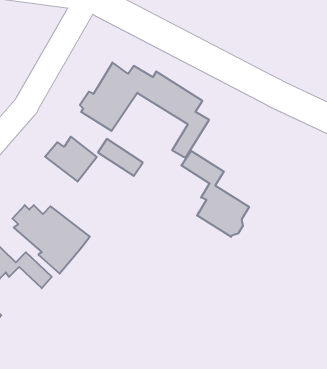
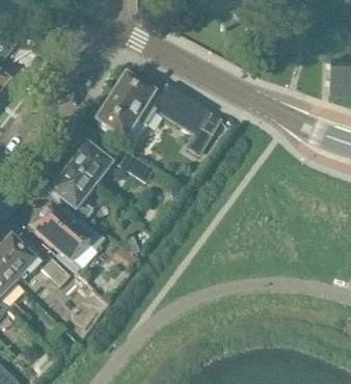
building: [181,151,249,237] -> none
building: none -> [51,163,92,217]

